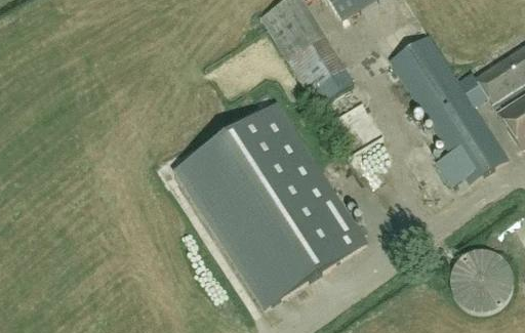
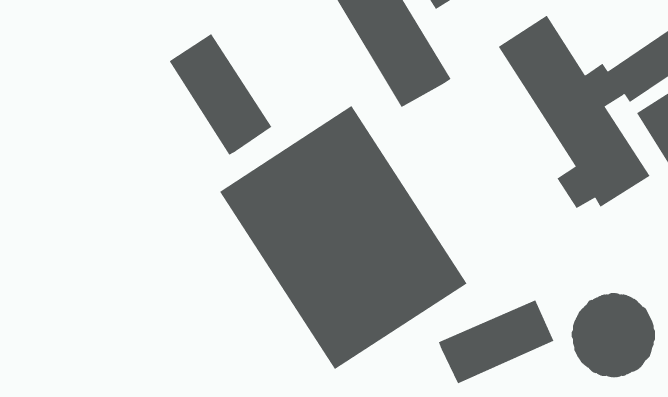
building: none -> [169,33,272,156]
building: none -> [438,299,554,384]

